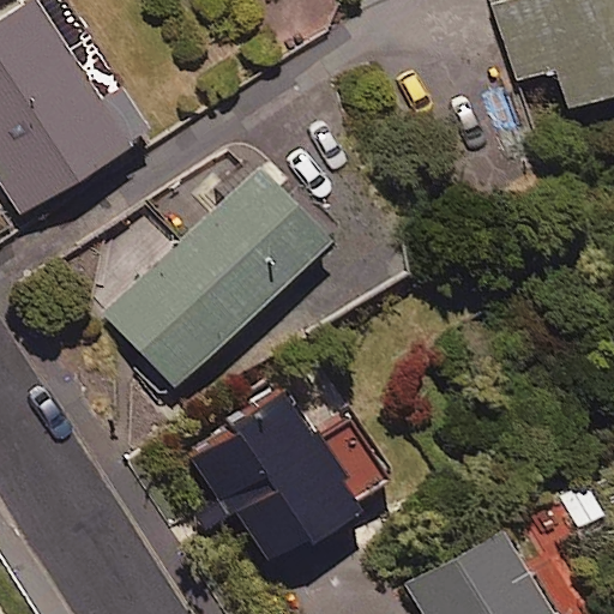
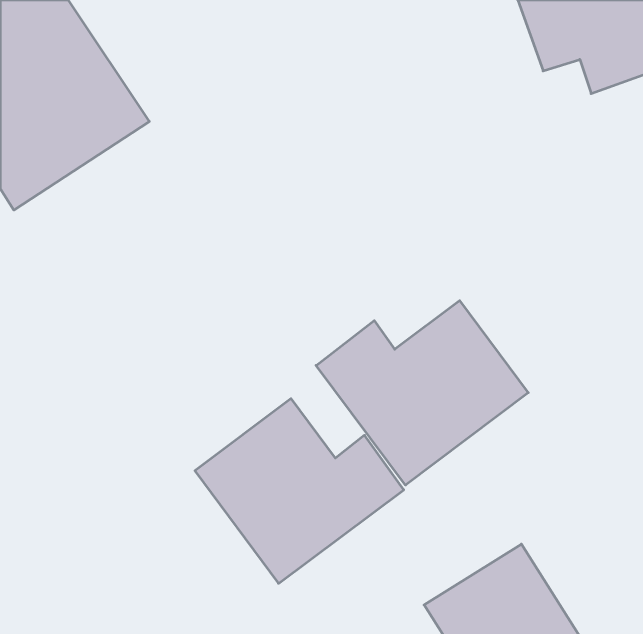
building: [104,168,326,389] -> none
building: none -> [316,301,528,485]

